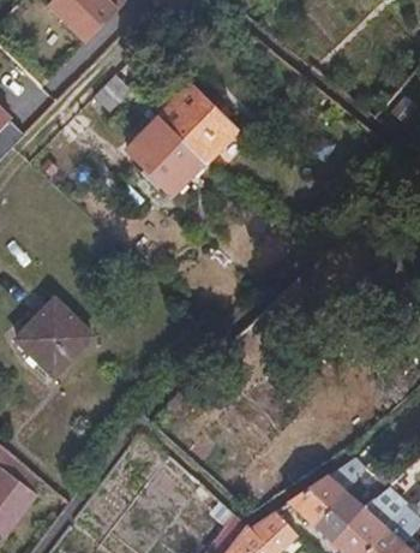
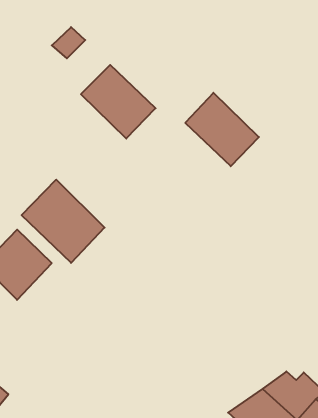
building: [156,83,238,165] -> [185,93,259,166]
building: none -> [22,180,105,263]

